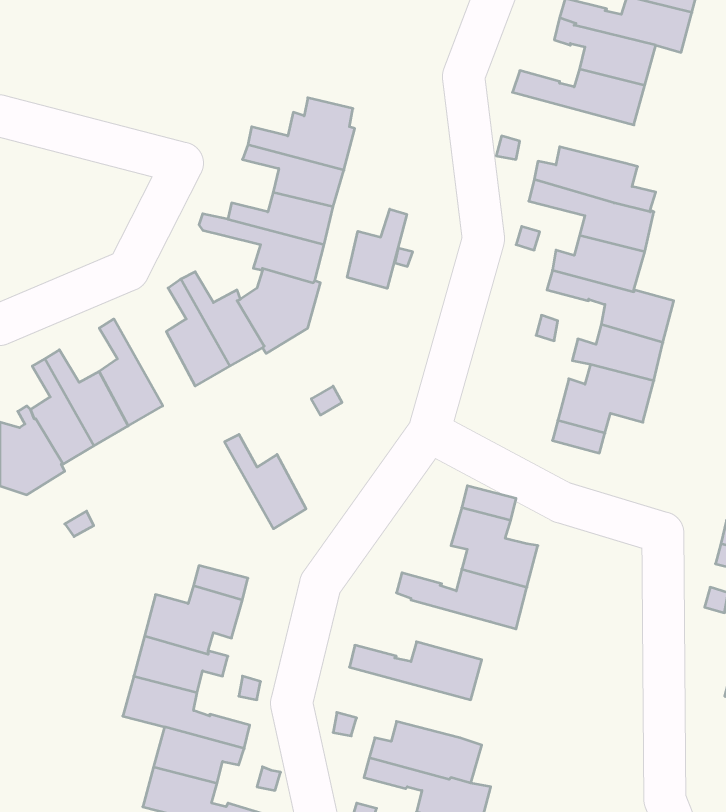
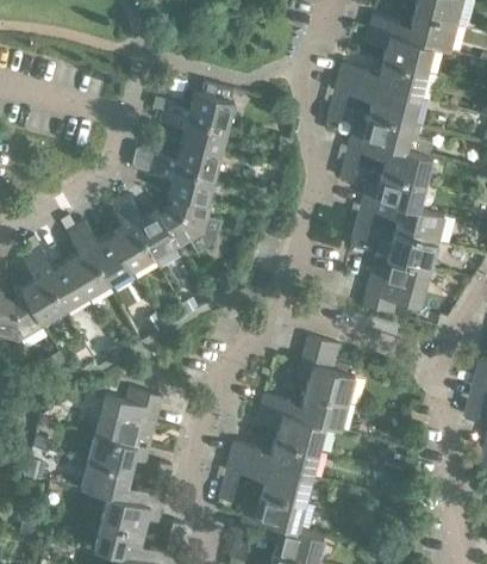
building: none -> [336,79,418,125]
building: [347,209,407,288] -> none
building: [225,434,306,529] -> [76,223,130,285]
building: none -> [257,408,324,452]
building: none -> [227,457,311,503]

